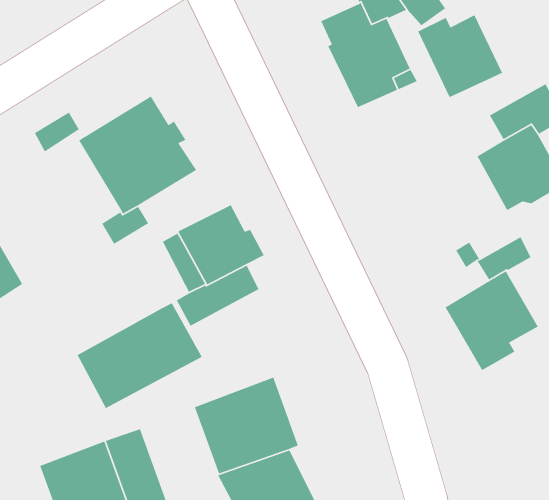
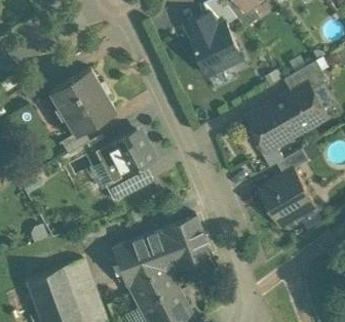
building: [417,14,504,98] -> none
building: none -> [248,104,295,152]
building: [76,302,203,409] -> none
building: none -> [160,217,212,271]

